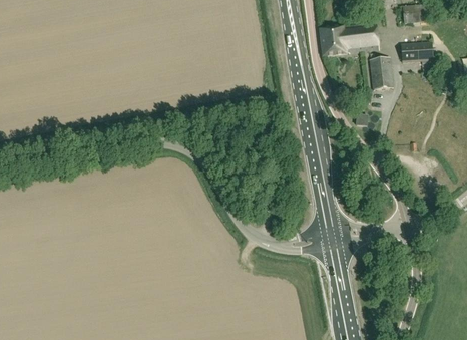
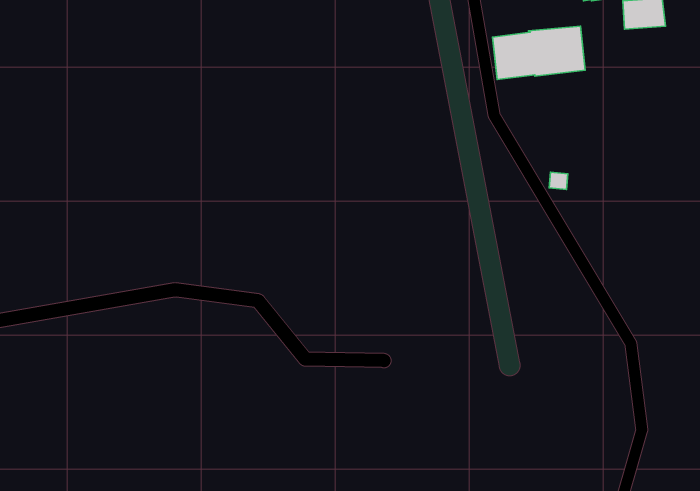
building: [400,41,432,61] -> none
building: [369,57,392,89] -> none

